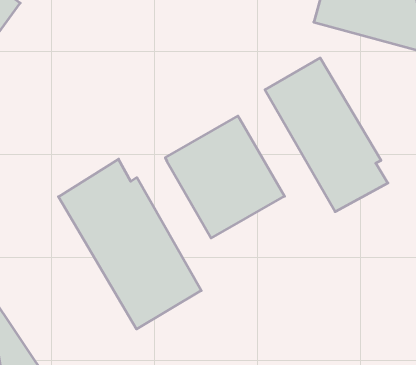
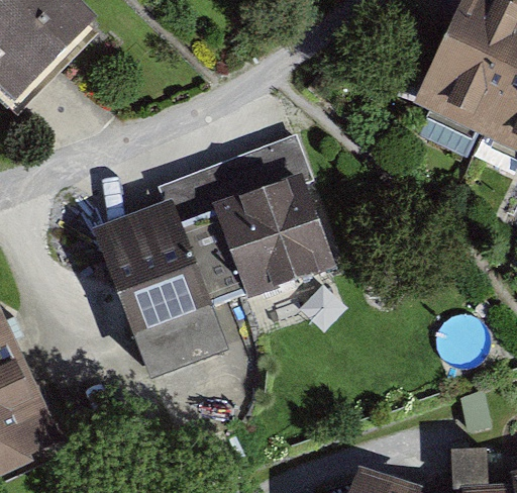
building: [265,58,388,212] -> none
building: none -> [160,133,317,230]

